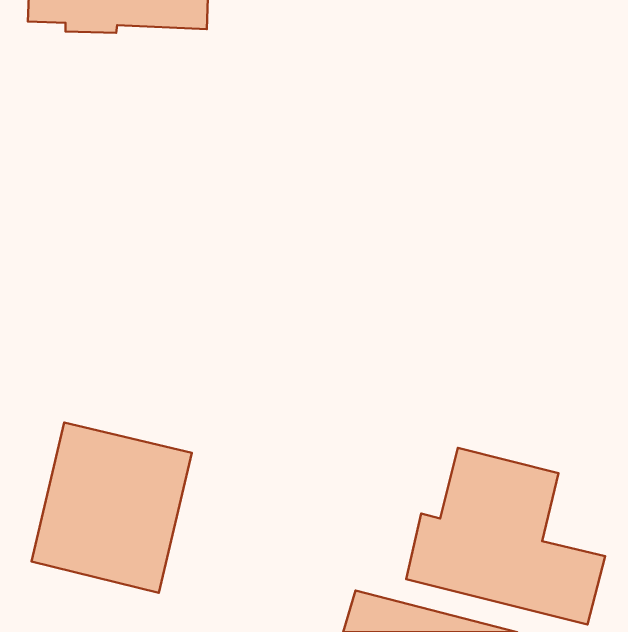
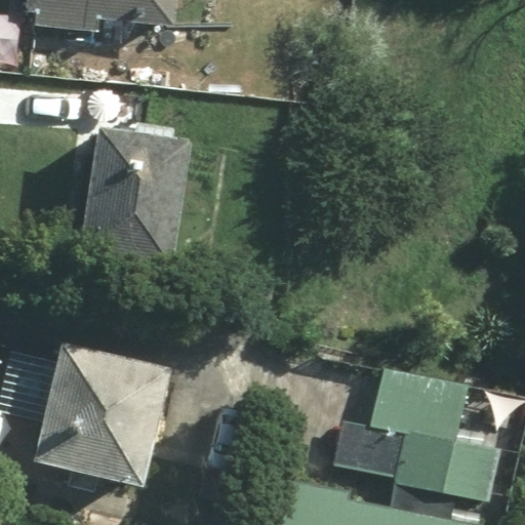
building: none -> [76,125,194,262]

